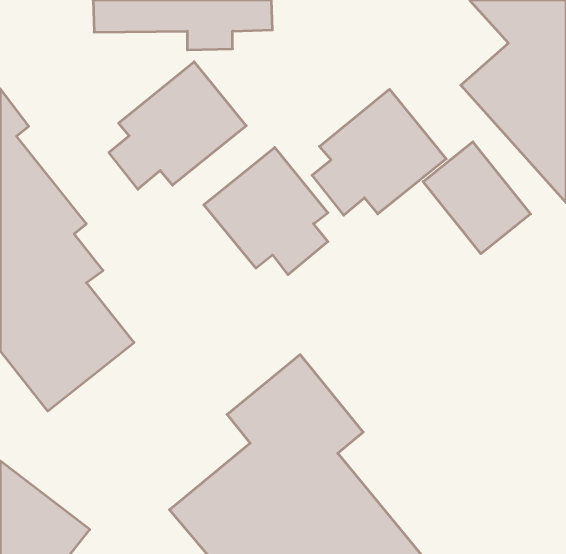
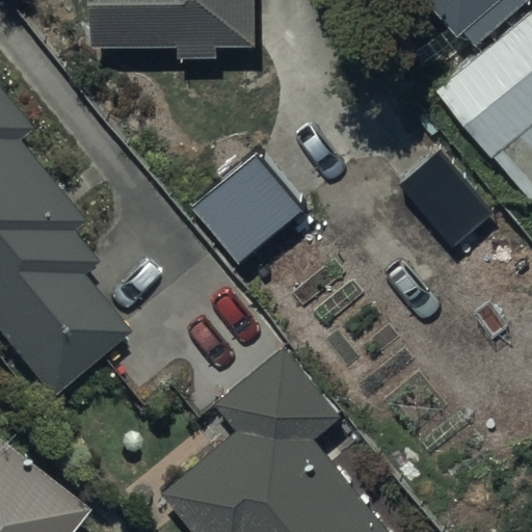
building: [109,62,246,189] -> none
building: [312,89,446,215] -> none

